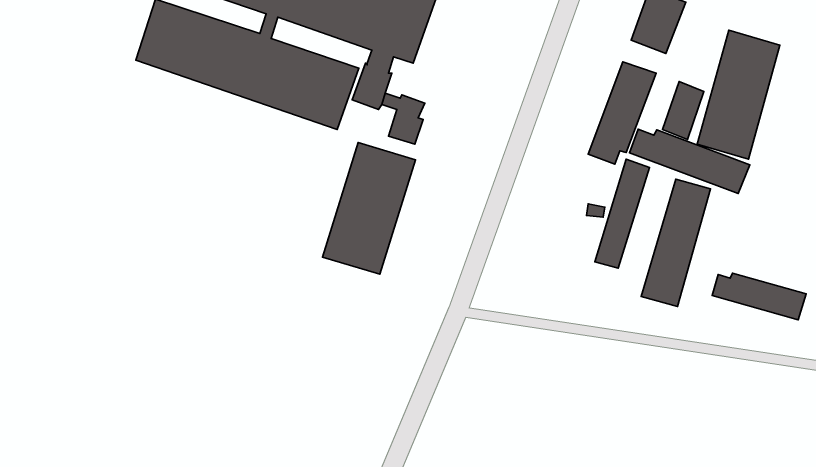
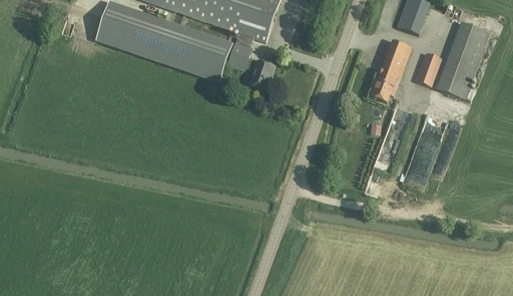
building: [630,129,750,194] -> none
building: [322,143,415,274] -> none
building: [712,273,806,320] -> none

